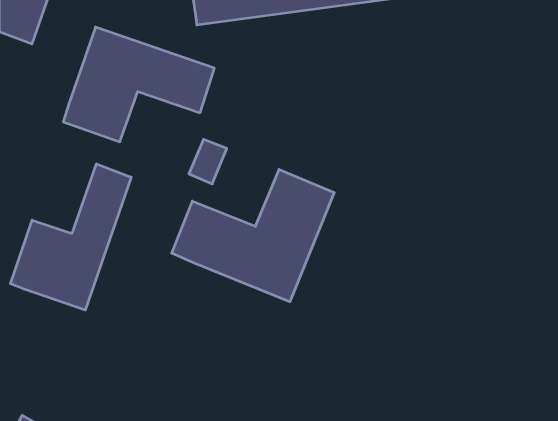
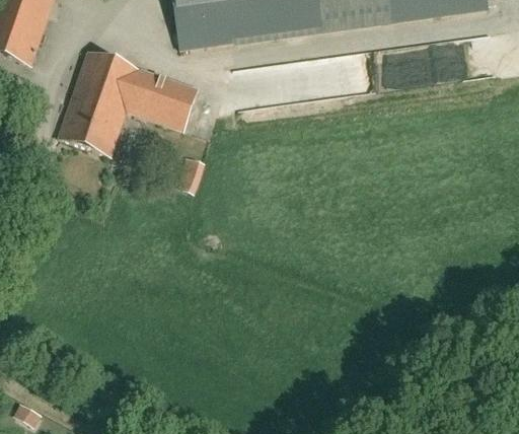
building: [10,164,131,310] -> none
building: [172,169,334,302] -> none

